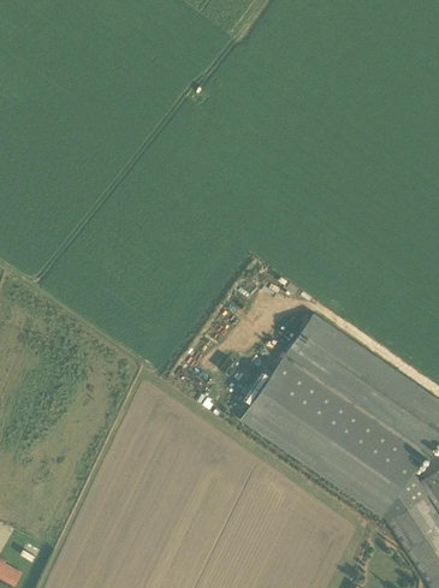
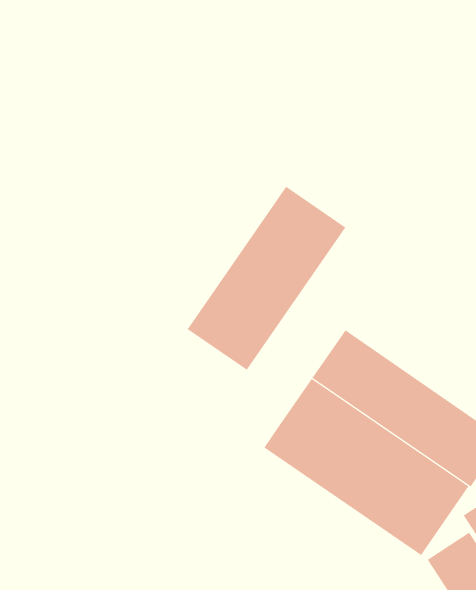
building: none -> [187,186,346,371]

